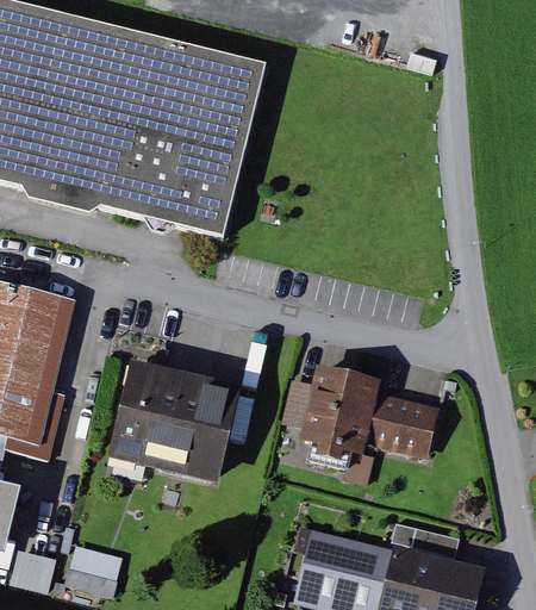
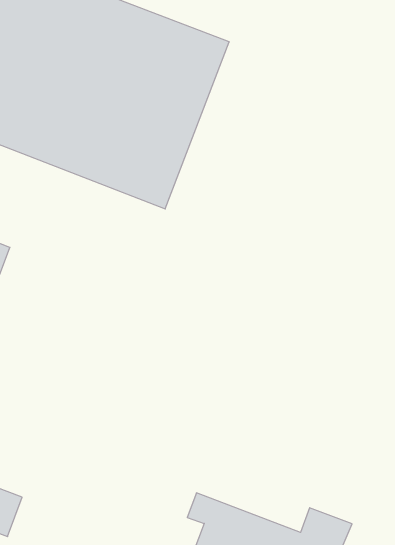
building: [112,359,245,483] -> none
building: [299,362,434,459] -> none

